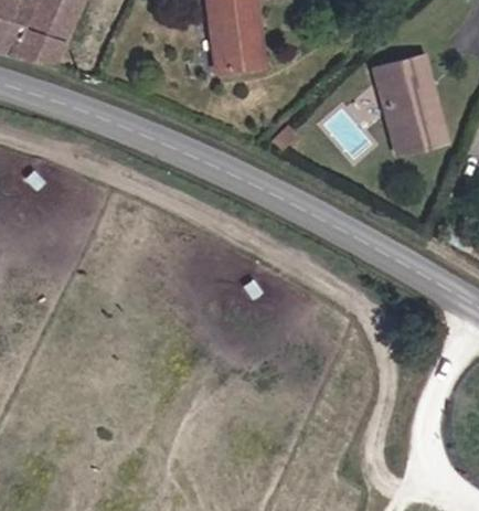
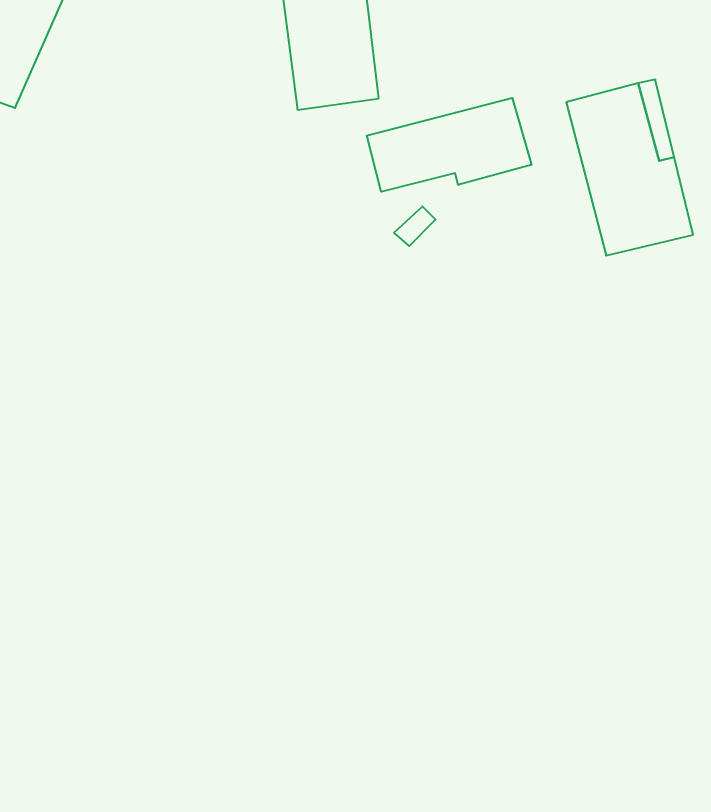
building: none -> [367,98,531,192]

